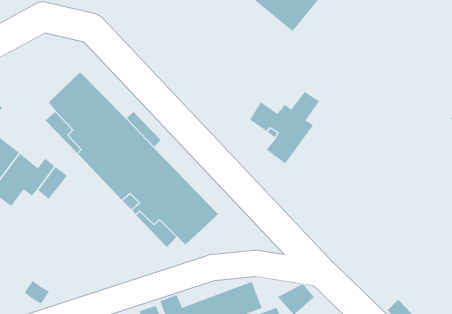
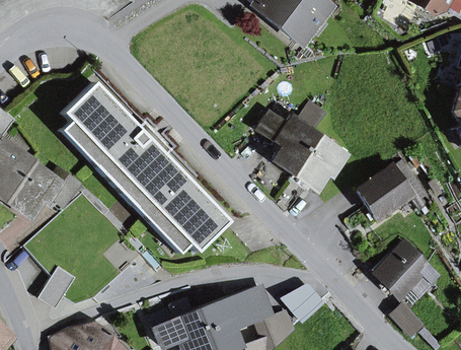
building: none -> [293,135,349,187]
building: none -> [358,158,433,218]
building: none -> [373,239,440,295]

